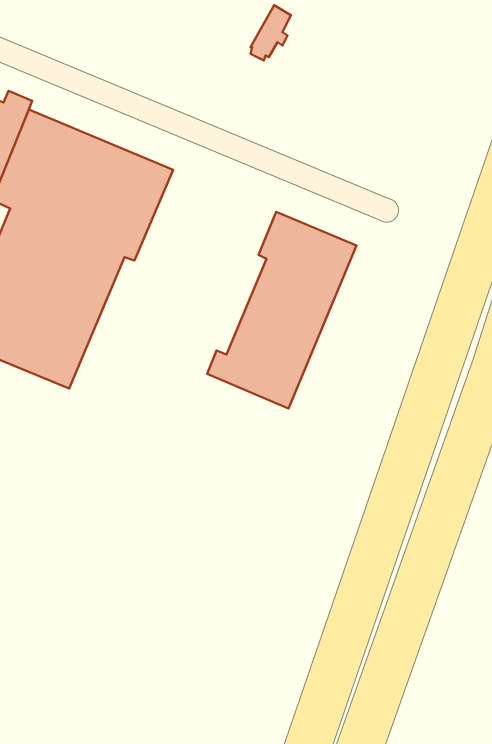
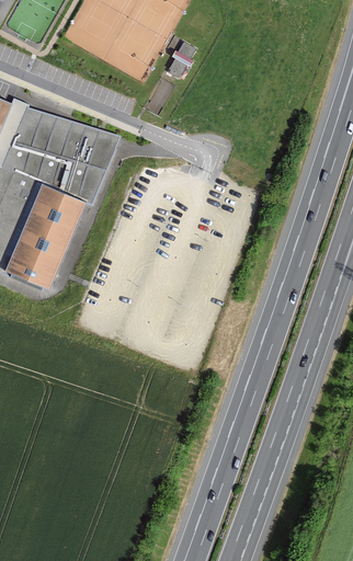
building: [207,212,357,409] -> none

